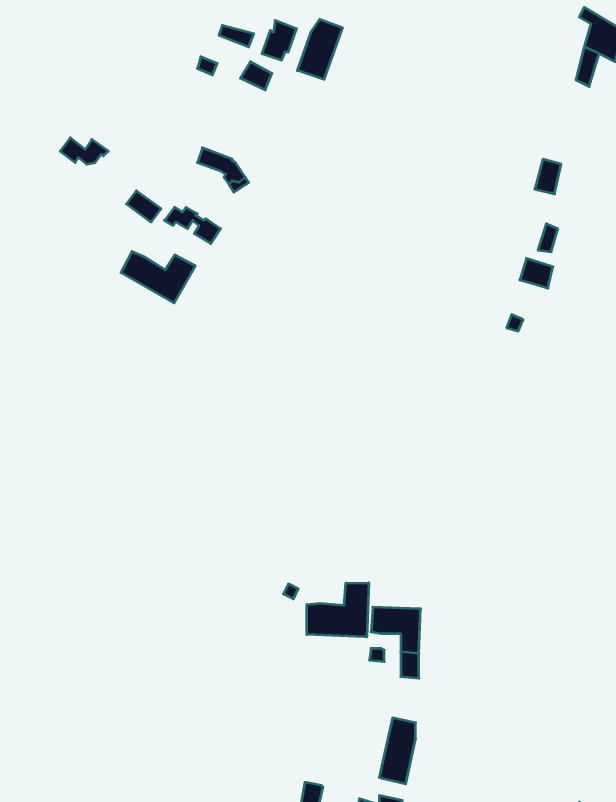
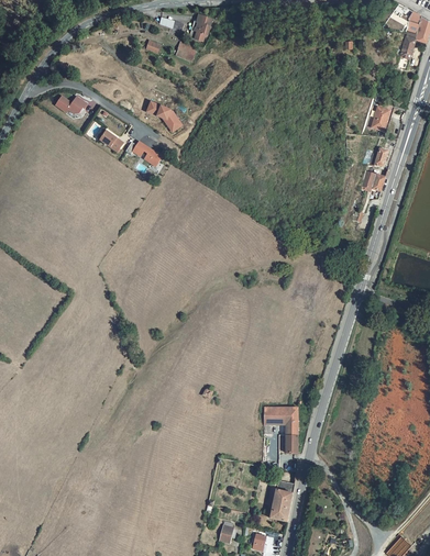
building: [297,19,342,79] -> none
building: [121,251,195,303] -> none
building: [307,583,369,637] -> none

